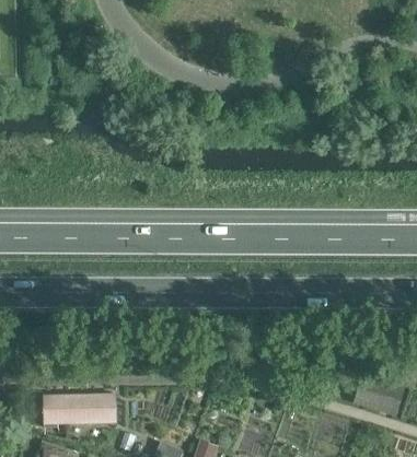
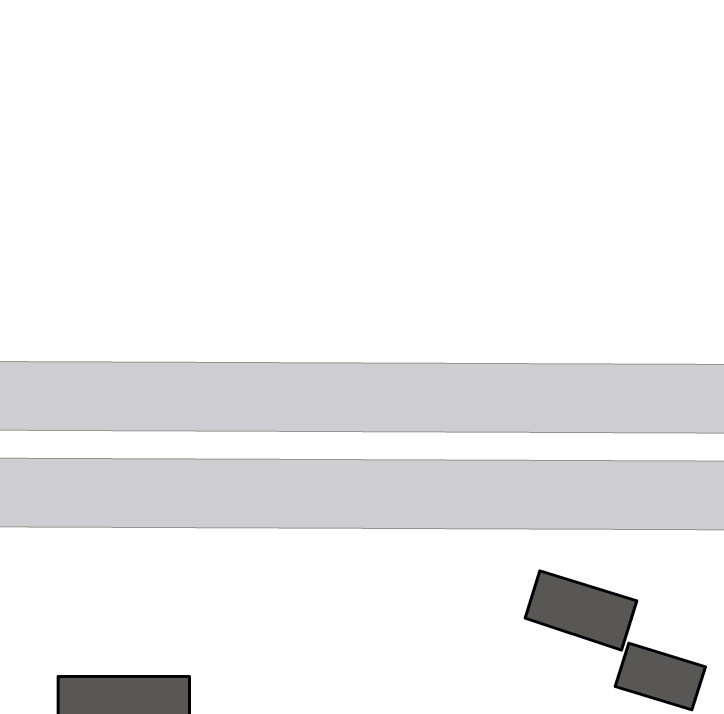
building: none -> [525,571,637,650]

